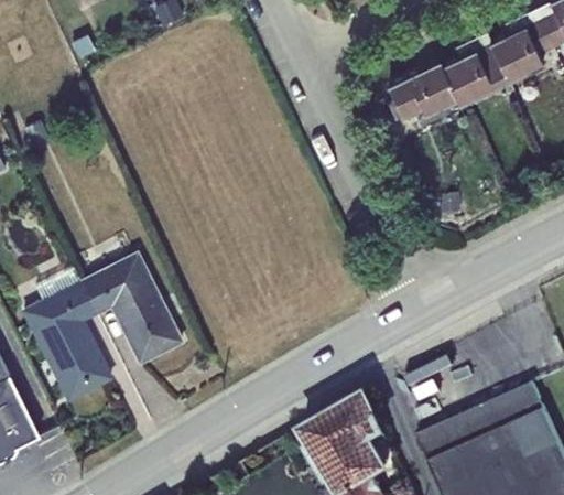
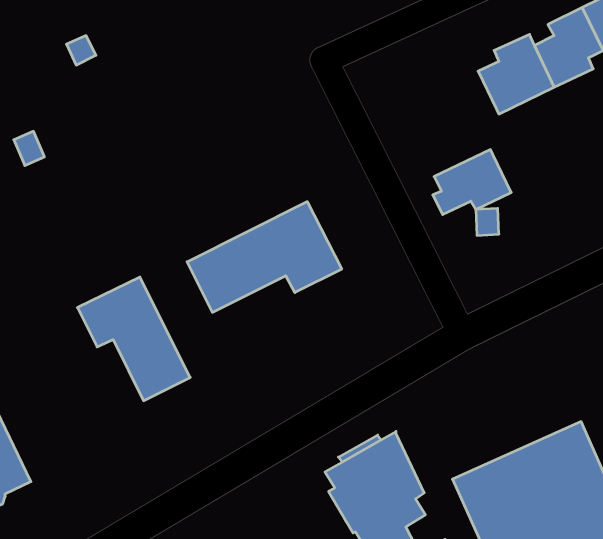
building: [387,63,457,121] -> [433,150,511,215]
building: none -> [187,202,342,312]
building: [21,268,109,400] -> none

